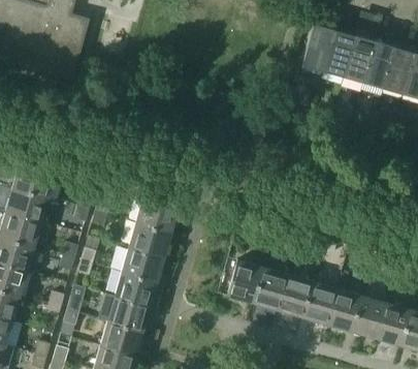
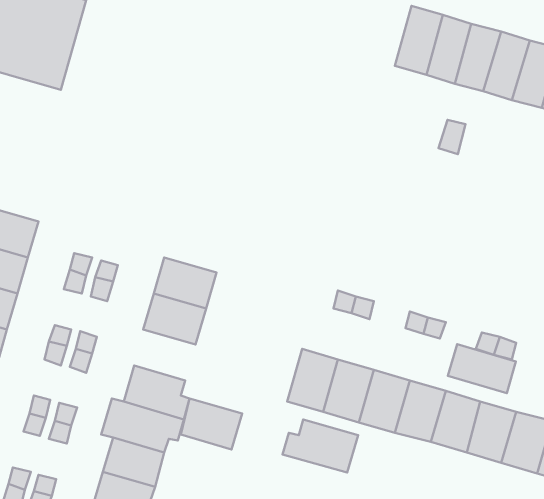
building: [122,246,164,281] -> [181,398,242,449]
building: none -> [448,344,516,393]
building: none -> [283,420,358,472]

